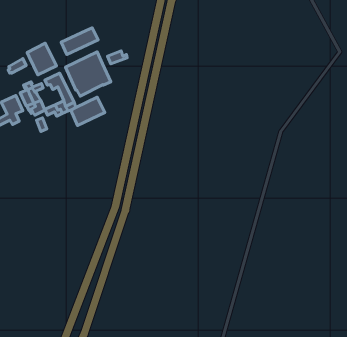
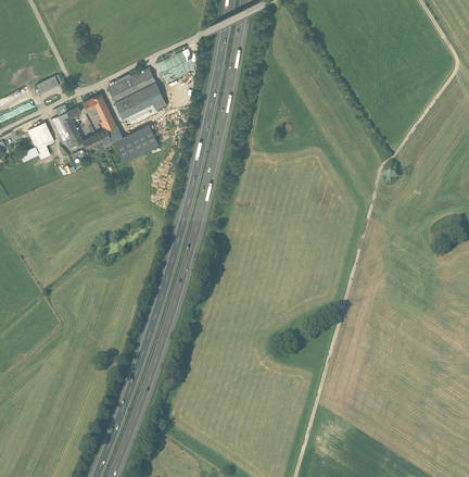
building: [61,28,98,55] -> none
building: [27,43,57,75] -> none

